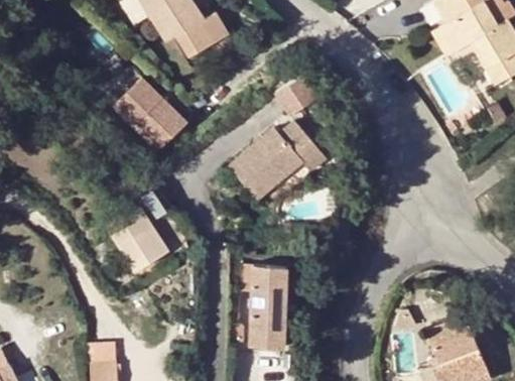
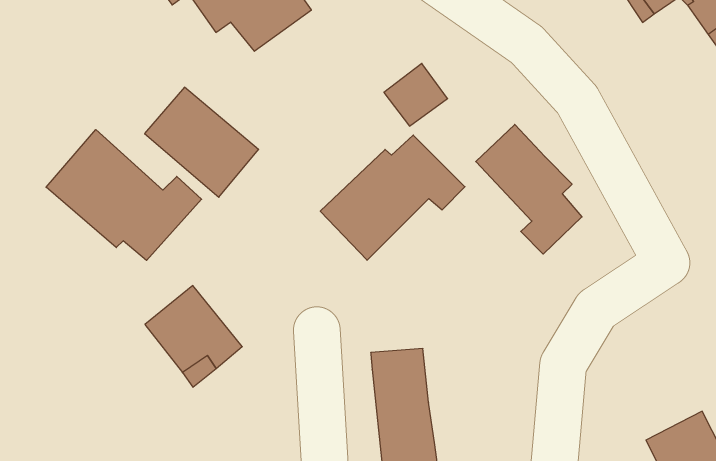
building: none -> [46,130,202,260]
building: none -> [476,124,582,254]

